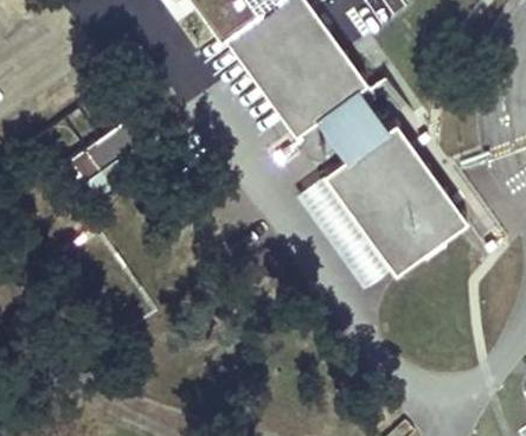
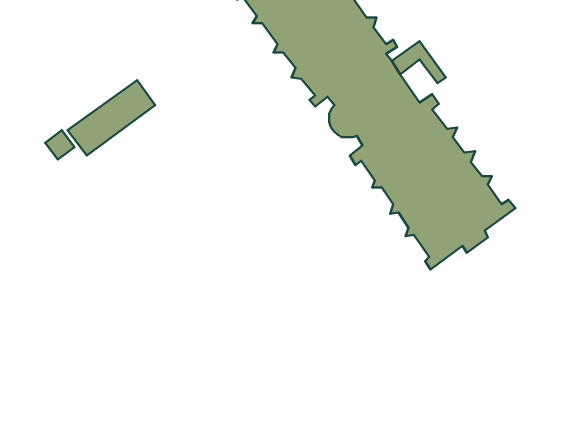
building: [302,180,383,278] -> none

